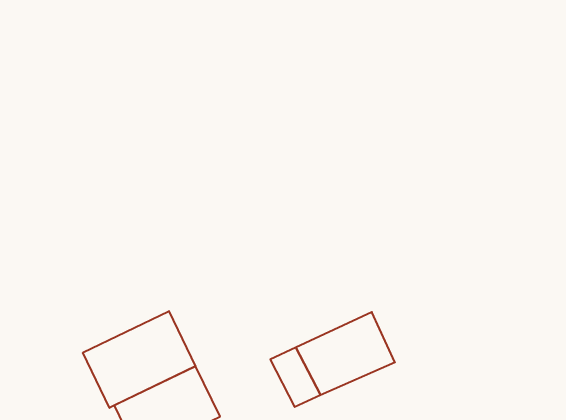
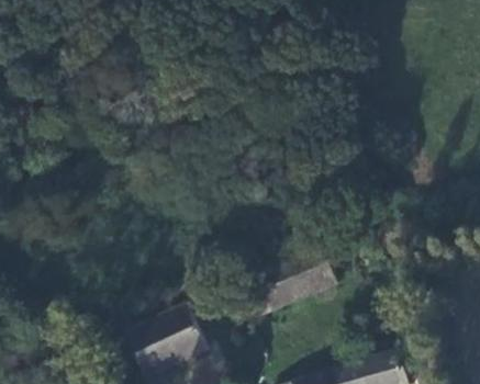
building: [83,311,195,408] -> none

